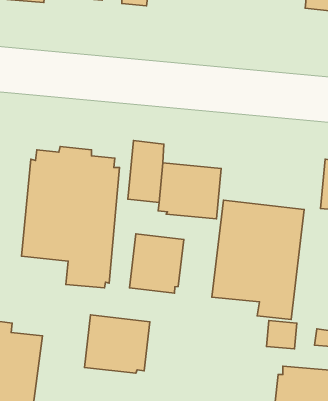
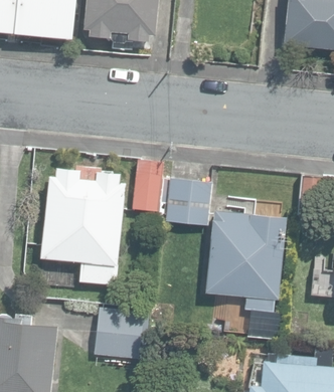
building: [130,234,184,293] -> none

